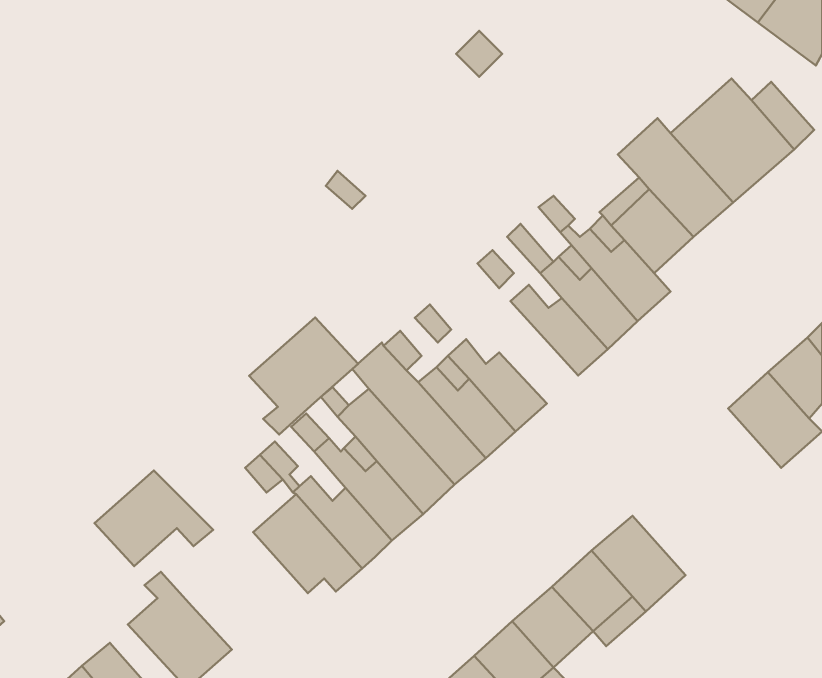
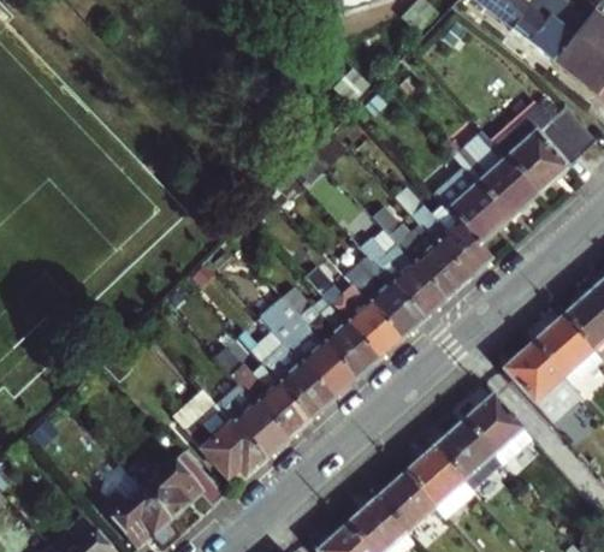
building: none -> [351,262,424,338]
building: [249,317,358,434] -> none
building: none -> [503,342,580,421]
building: [94,470,213,566] -> [142,447,229,517]
building: none -> [463,393,533,463]

